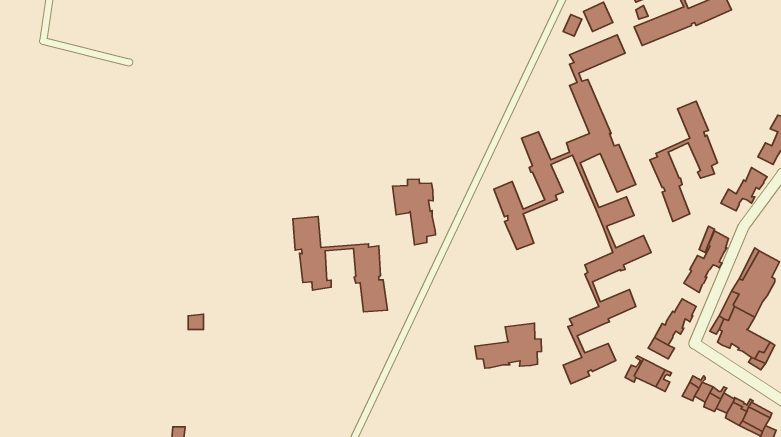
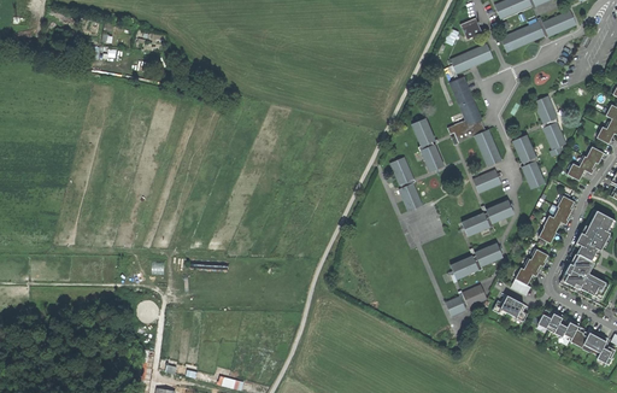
building: [392,179,436,245] -> none
building: [293,216,387,312] -> none
building: [475,323,542,368] -> none

